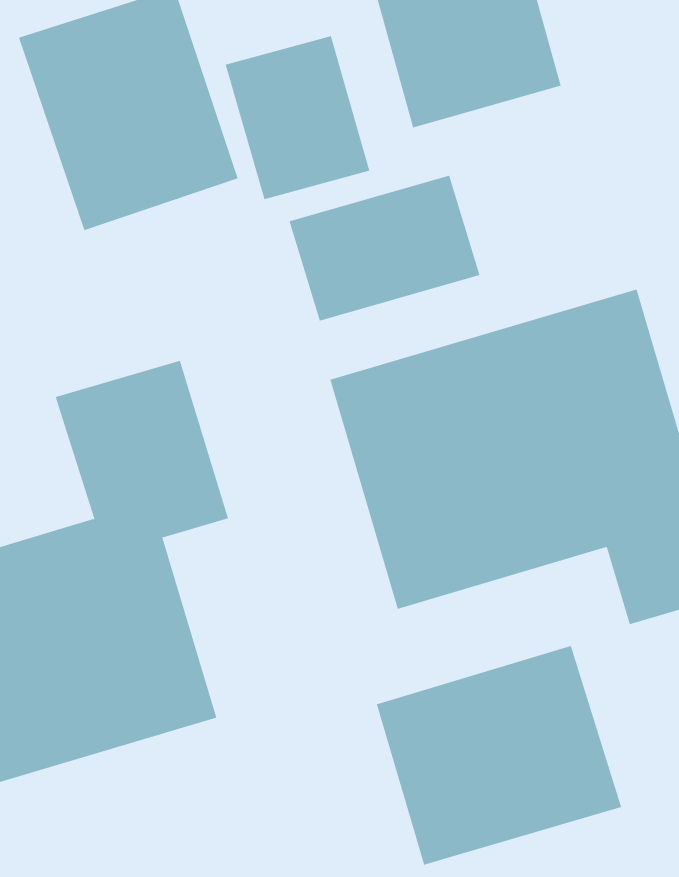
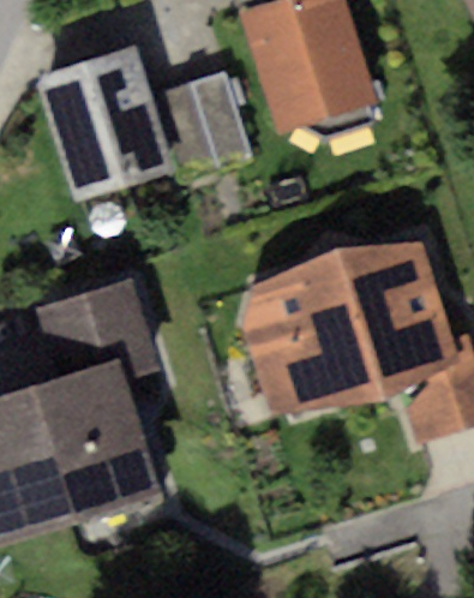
building: [289,175,480,321] -> none
building: [376,645,622,865] -> none

